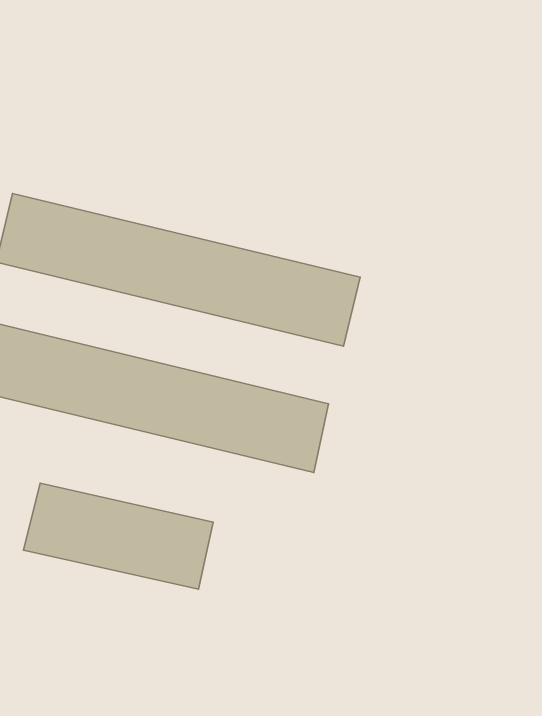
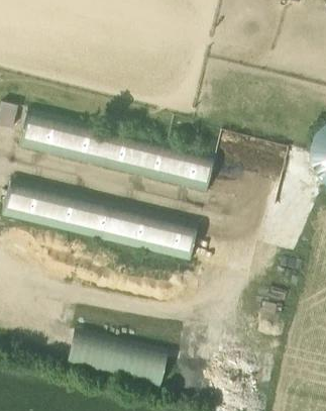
building: [24,483,213,589] -> [66,326,169,384]

